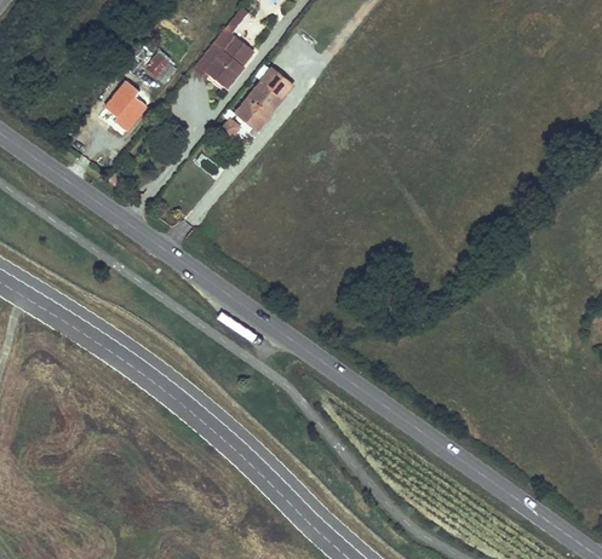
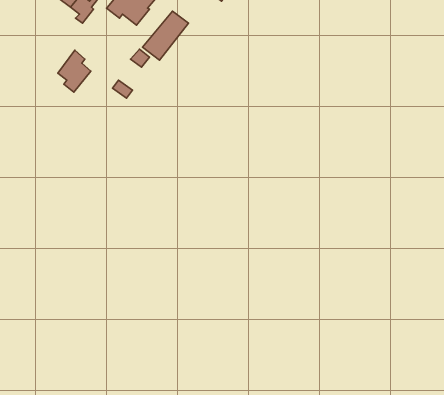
building: [104,81,144,132] -> [58,50,91,92]

